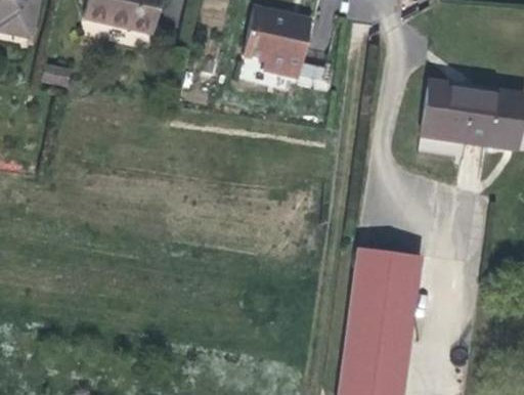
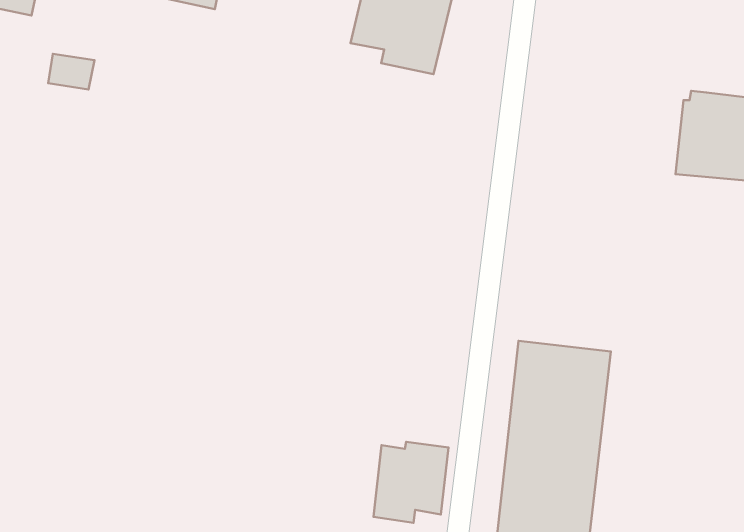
building: [421,89,466,142] -> none
building: none -> [374,442,448,523]

